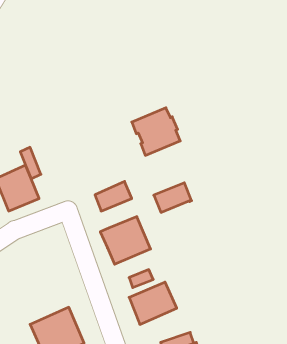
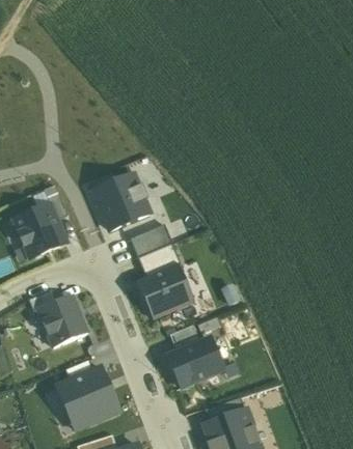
building: [132,108,180,155] -> [93,174,150,229]
building: [154,183,192,212] -> [137,243,181,277]
building: none -> [37,293,88,346]

